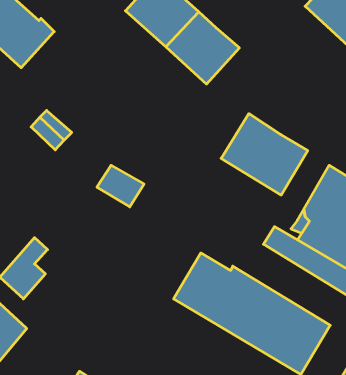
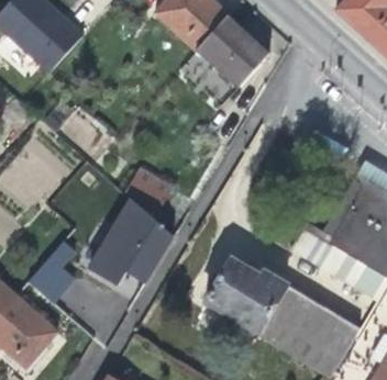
building: [221,114,308,195] -> none
building: none -> [88,199,172,286]

